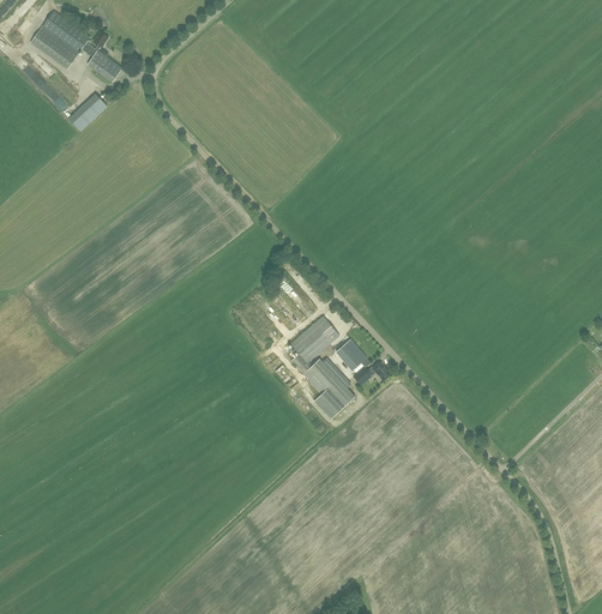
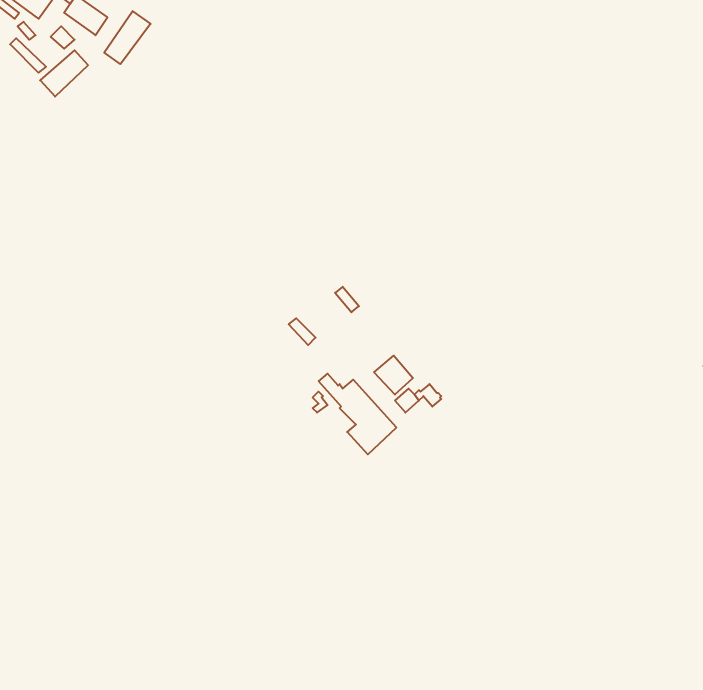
building: none -> [104,11,151,64]
building: [290,315,339,362] -> none

